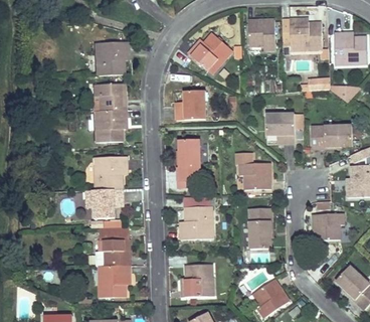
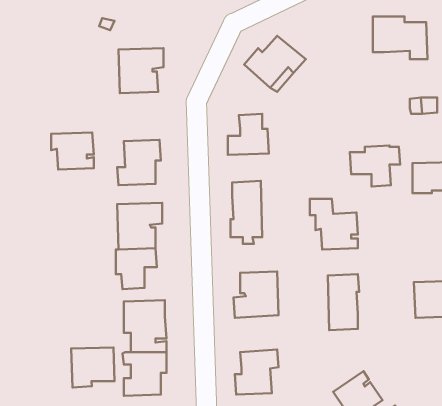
building: [247,18,274,49] -> none
building: [94,83,125,110] -> [51,133,94,169]
building: none -> [71,347,114,387]

